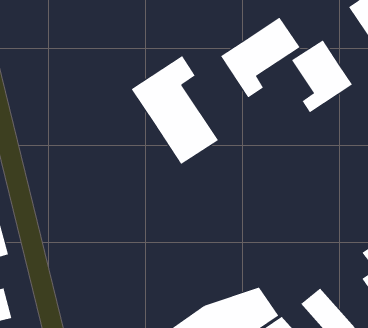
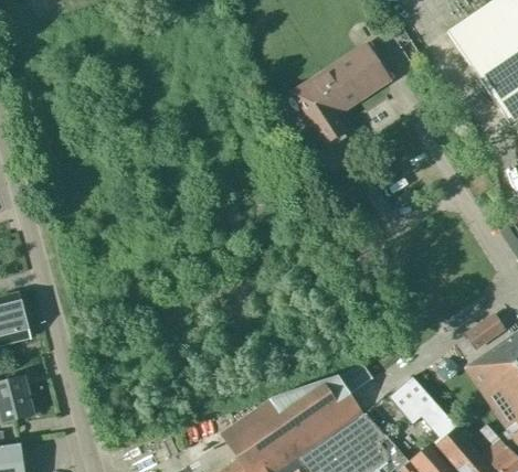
building: [291,40,353,113] -> none
building: [131,55,219,165] -> none

